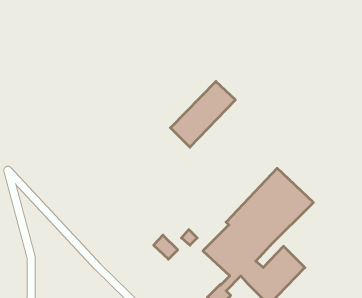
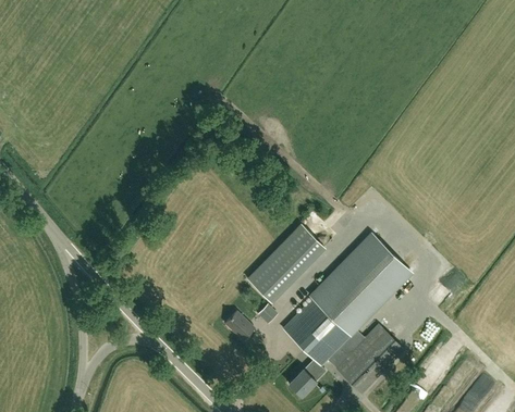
building: [170,81,235,147] -> [247,224,323,301]

